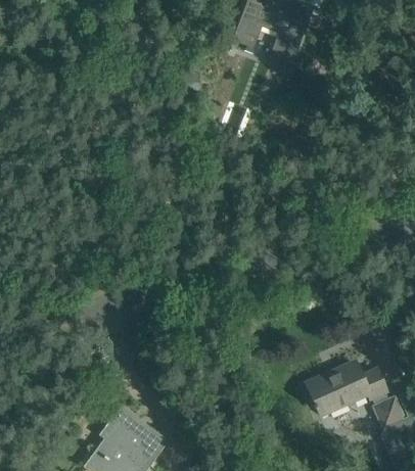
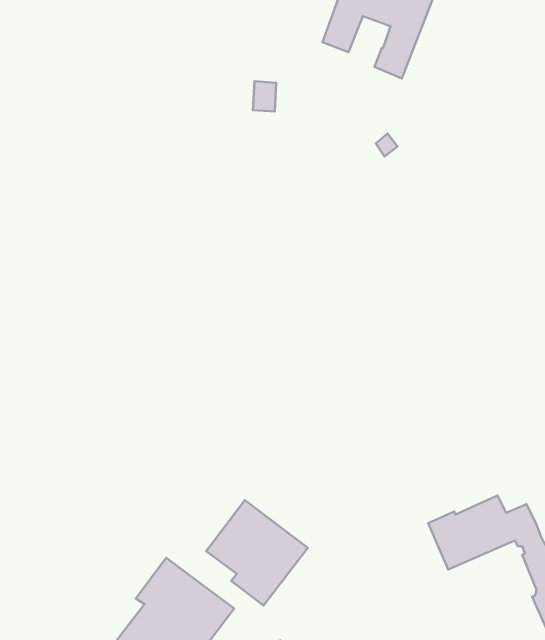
building: none -> [206,500,308,606]

